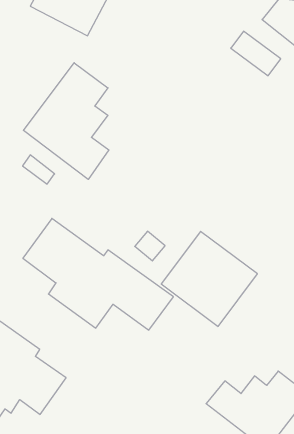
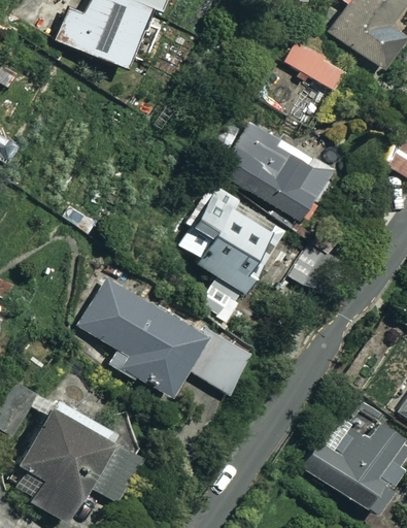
building: [23,63,109,179] -> none
building: none -> [222,133,333,223]
building: [161,231,257,326] -> [176,188,283,293]

